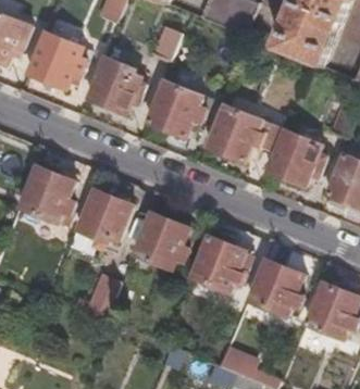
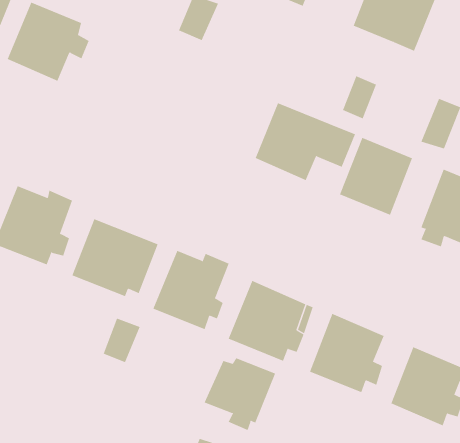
building: [89,57,142,113] -> none
building: [148,80,211,141] -> none
building: none -> [204,358,276,431]

